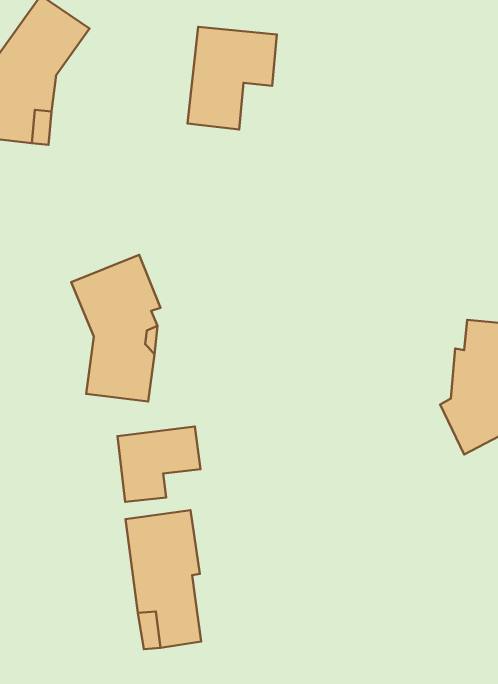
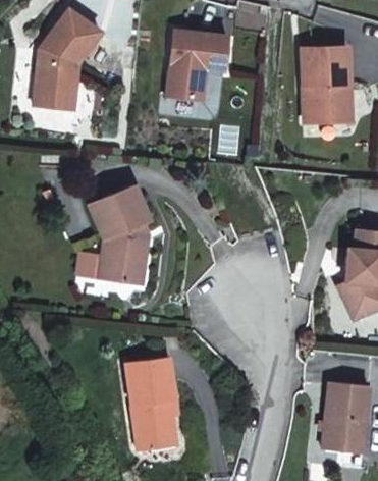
building: none -> [302,47,349,123]
building: [118,426,201,502] -> none
building: none -> [322,381,369,452]

